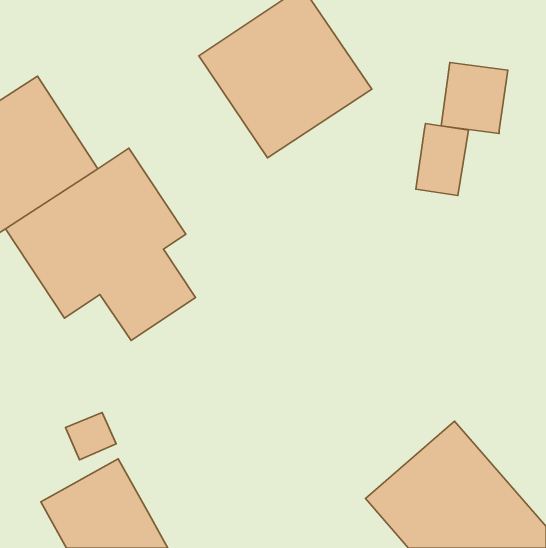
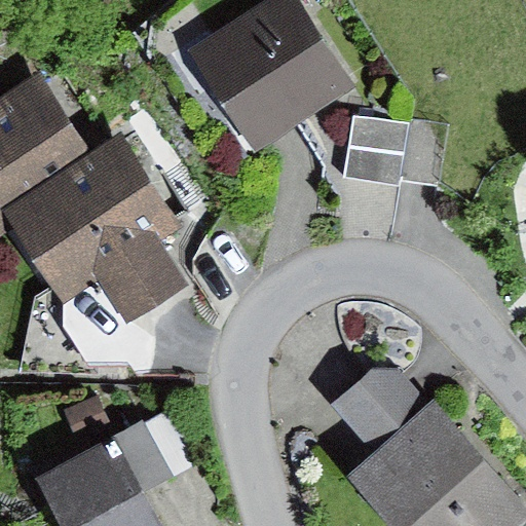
building: [441,62,508,133] -> [342,116,406,184]
building: none -> [328,368,420,446]
building: none -> [111,409,200,492]

